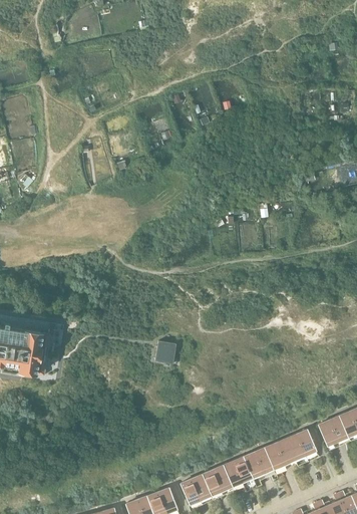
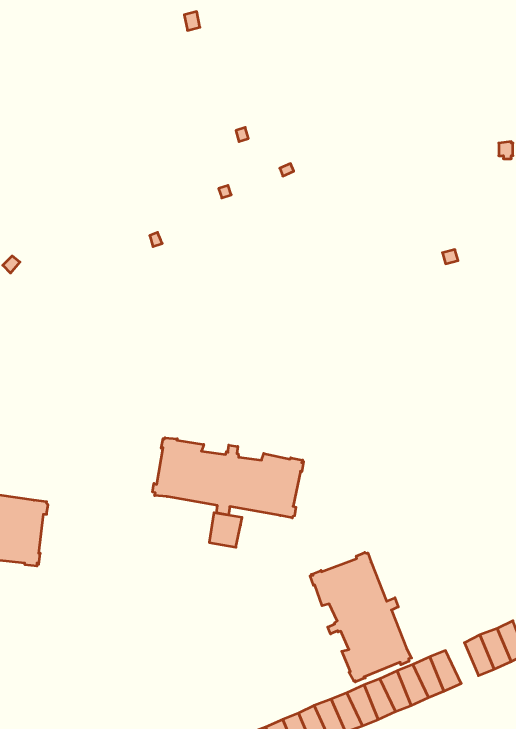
building: none -> [153,438,304,518]
building: none -> [310,552,412,682]

